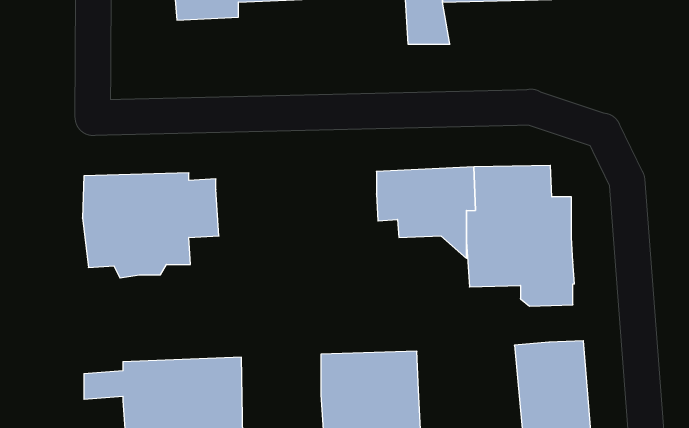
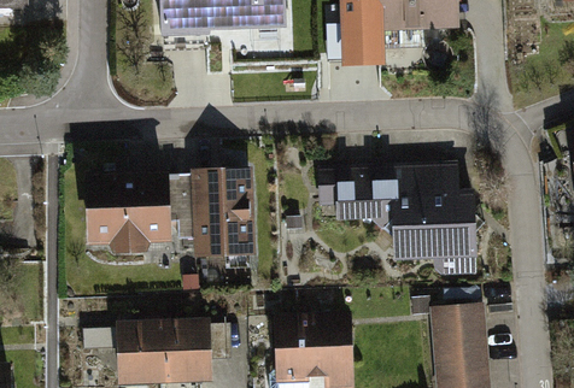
building: none -> [189,165,256,257]

